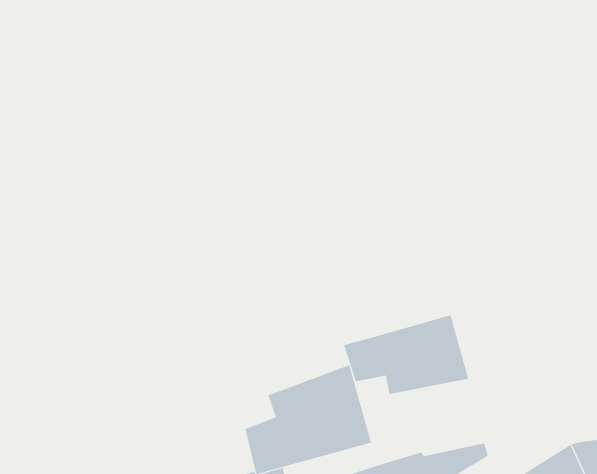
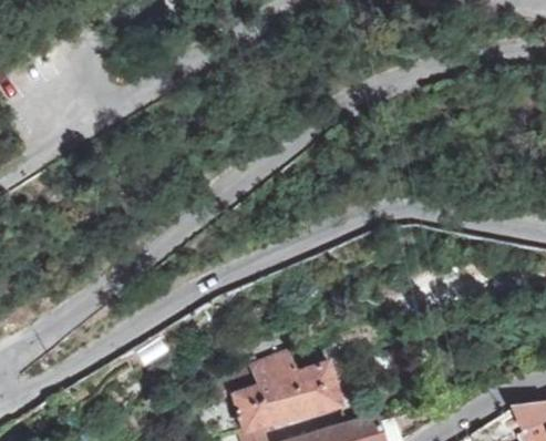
building: [344,315,469,395] -> none

